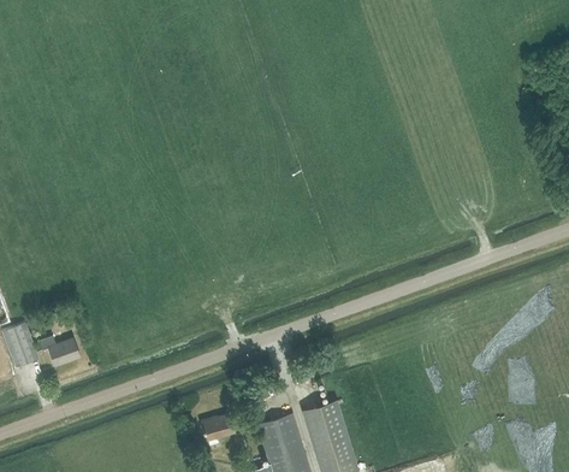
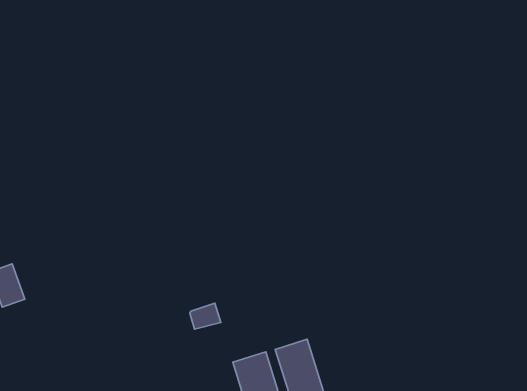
building: [38,336,79,366] -> none
building: [202,413,235,441] -> [190,303,221,329]

